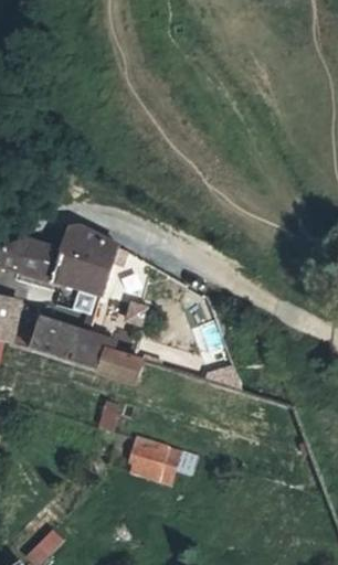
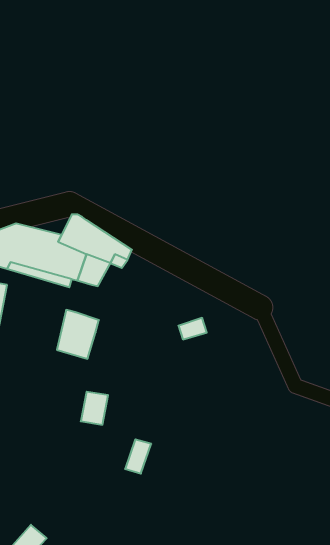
building: [29,312,76,361] -> none
building: [97,344,147,383] -> none

